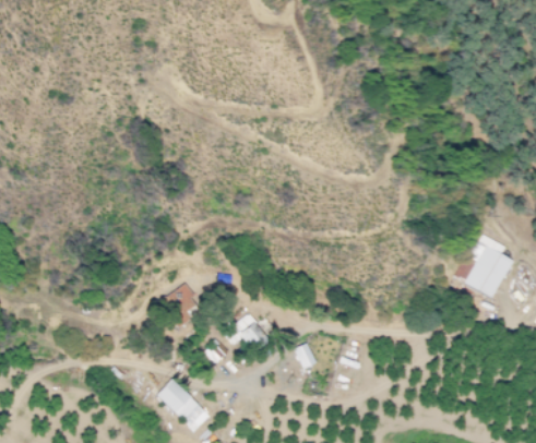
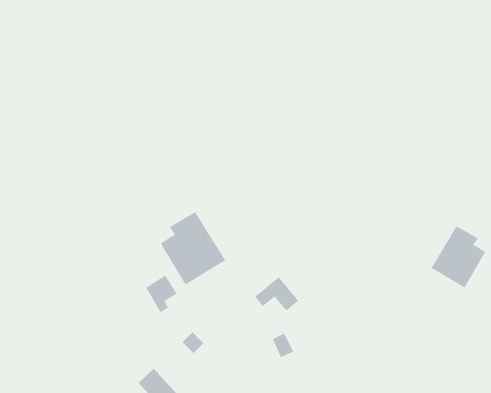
building: none -> [160,211,226,286]
building: [224,314,270,350] -> [254,276,299,312]

